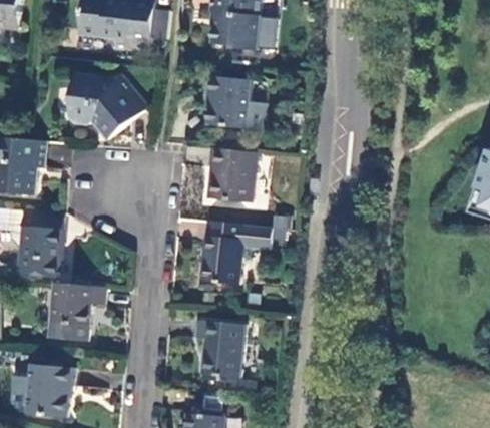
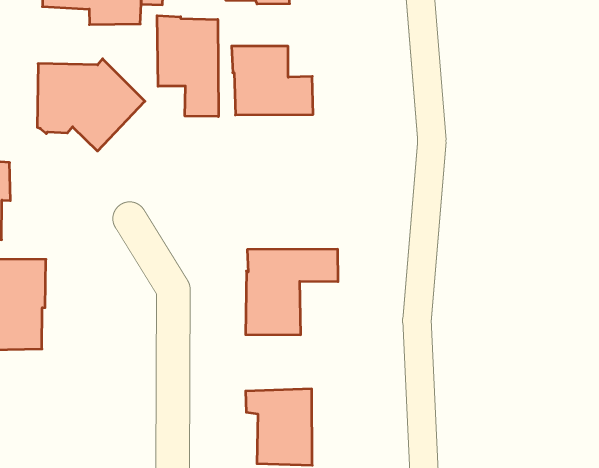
building: none -> [157,16,218,117]
building: [210,147,256,201] -> none
building: [51,283,106,341] -> none

